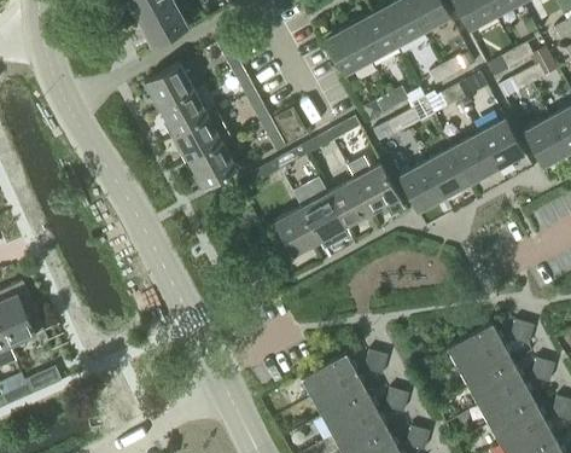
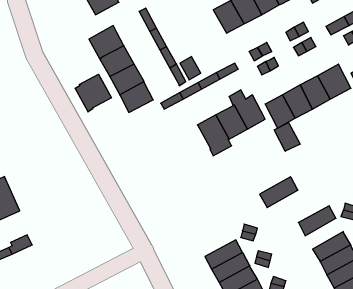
building: none -> [75,74,111,112]
building: none -> [274,122,300,151]
building: [275,207,321,256] -> none
building: [458,342,513,387] -> [260,177,298,208]
building: [302,354,357,397] -> none

